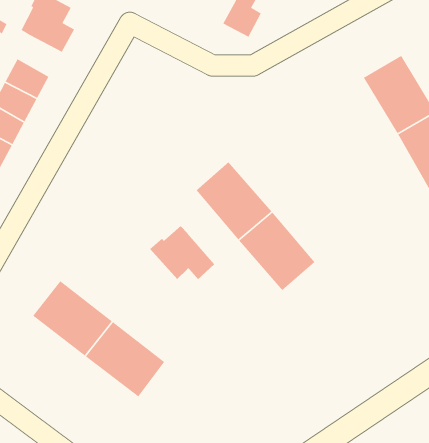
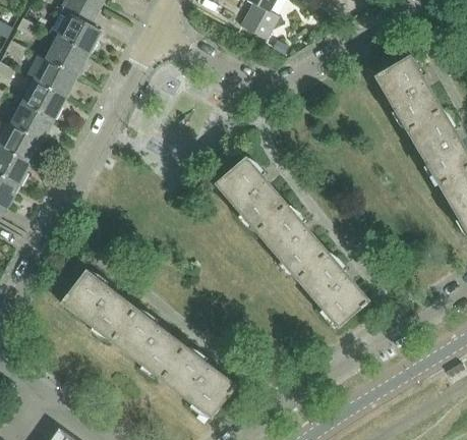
building: none -> [46,37,89,75]
building: [149,225,215,280] -> none
building: none -> [297,252,369,328]
building: none -> [161,346,236,419]

